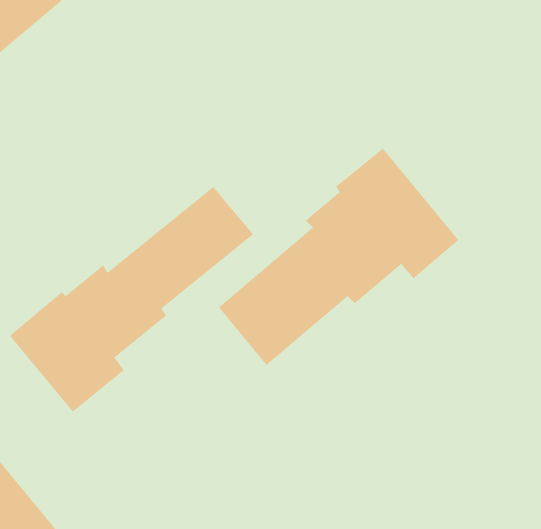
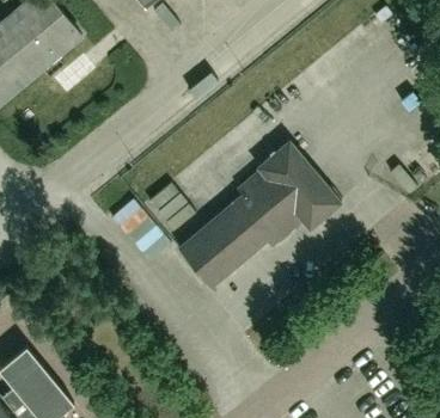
building: [9,186,254,412] -> none

